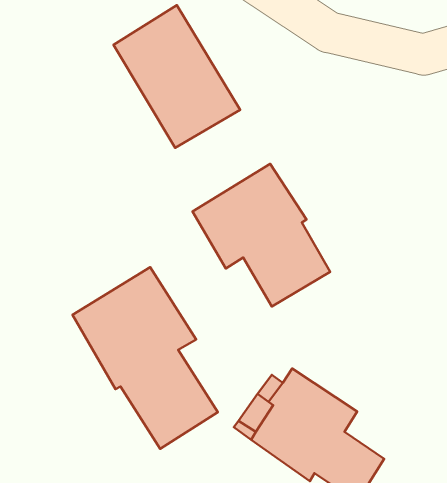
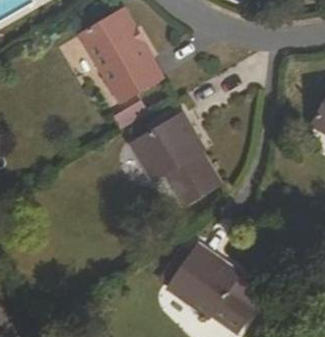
building: [72,267,218,449] -> none

